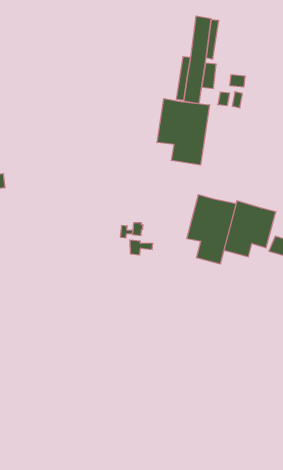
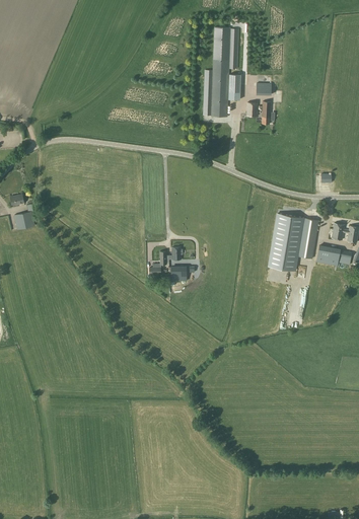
building: [157,99,210,165] -> none
building: [187,195,236,264] -> none

